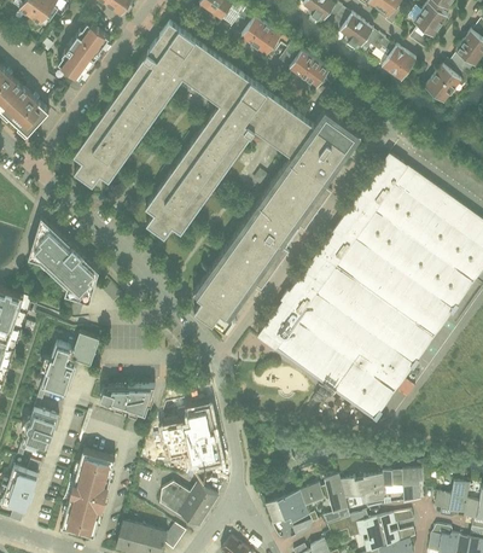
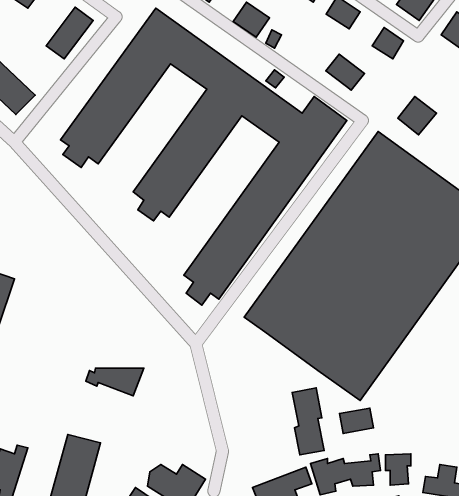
building: [292,52,331,88] -> [326,54,365,90]
building: [423,64,461,103] -> [398,96,436,135]
building: [30,223,95,303] -> none
building: [43,333,99,394] -> none
building: [164,406,222,466] -> none
building: none -> [292,388,324,455]
building: [22,411,57,454] -> none
building: none -> [340,408,374,433]

